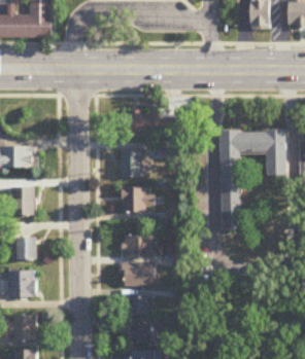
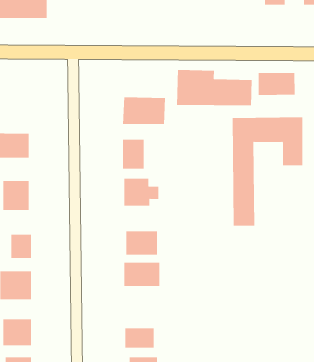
building: none -> [177,69,252,106]
building: none -> [258,72,295,96]
building: [123,295,150,313] -> none

